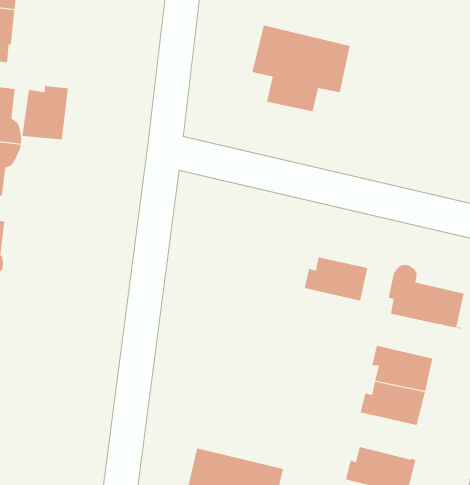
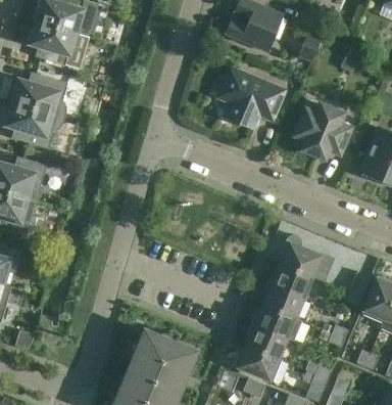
building: none -> [294,104,350,160]
building: [22,85,68,140] -> none
building: [304,257,368,301] -> [268,265,311,298]
building: none -> [247,324,286,359]

